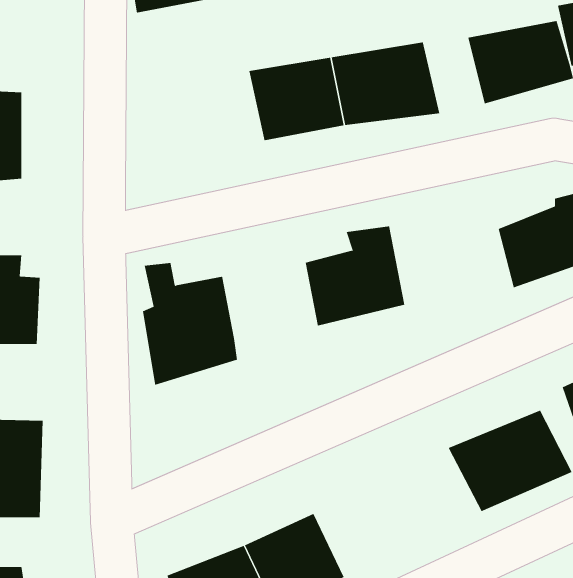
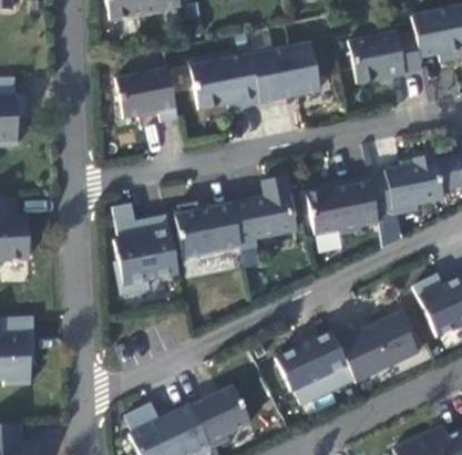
building: none -> [111,64,176,118]
building: none -> [300,177,377,235]
building: none -> [165,201,234,257]
building: none -> [267,333,353,409]

